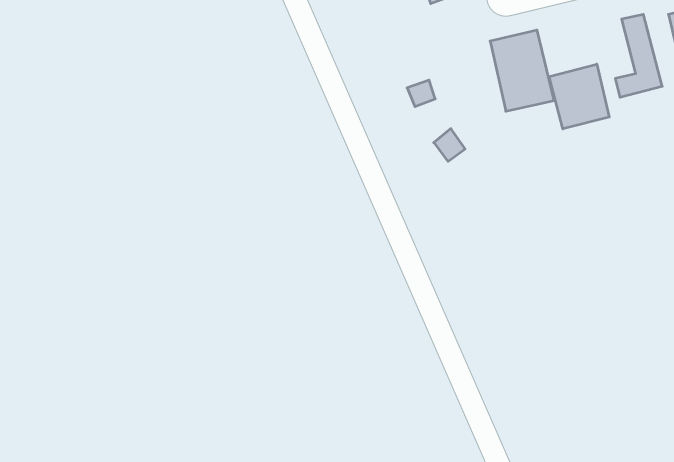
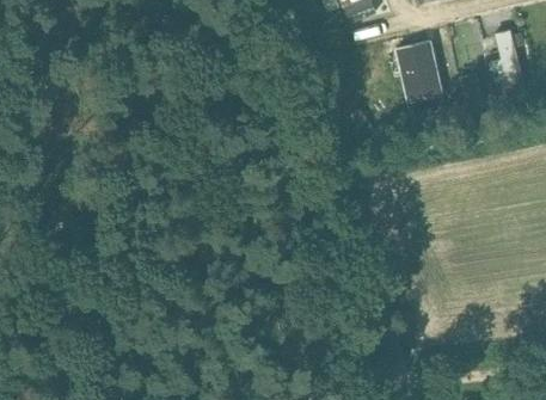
building: [549,64,609,129] -> none

